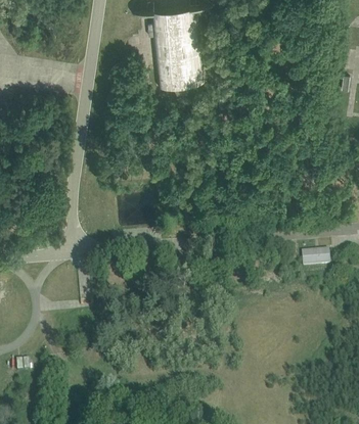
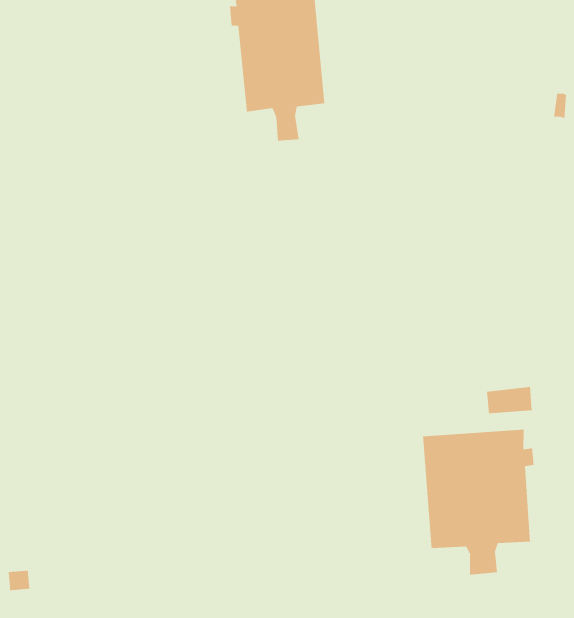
building: none -> [422,429,534,575]

